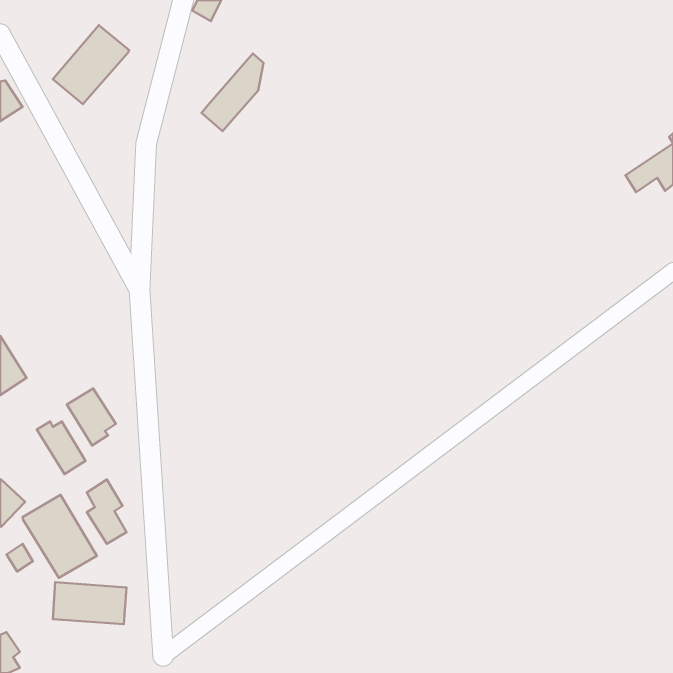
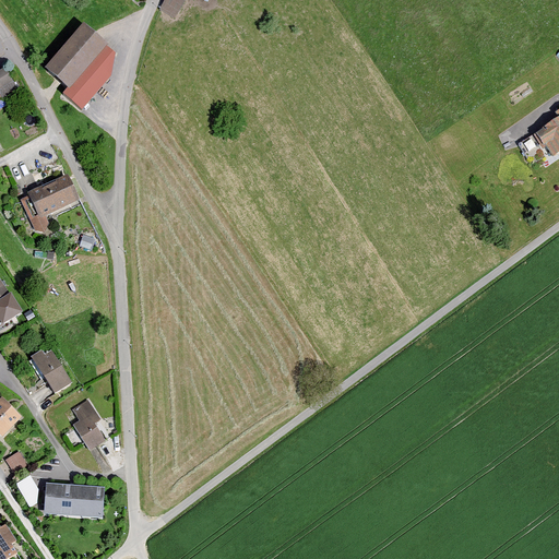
building: [202,54,263,131] -> [63,44,115,108]
building: none -> [20,173,80,231]
building: [67,388,116,445] -> none
building: [22,495,97,578] -> none

